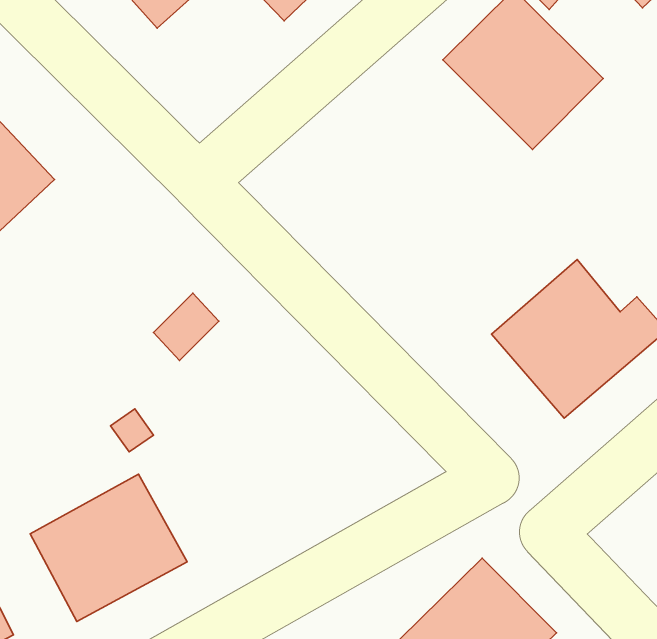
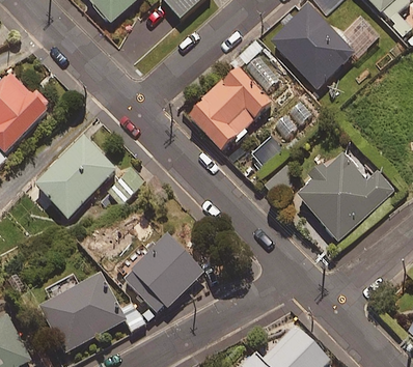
building: none -> [189,65,272,148]
building: none -> [36,134,118,216]
building: none -> [125,232,203,311]

